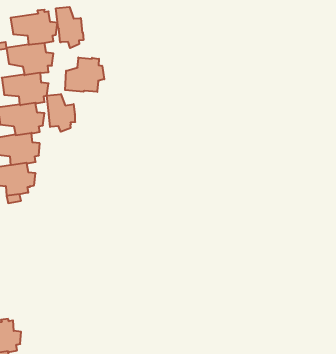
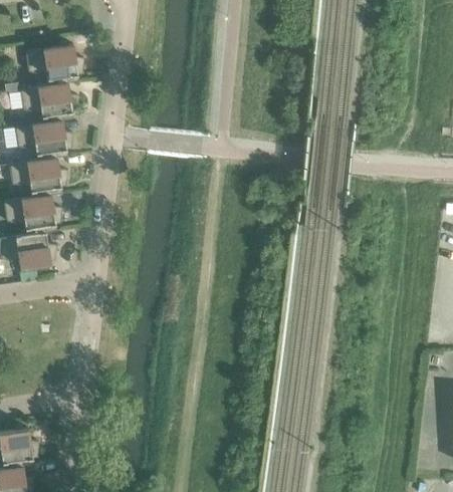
building: [56,7,83,48] -> none
building: [65,57,104,92] -> none
building: [47,94,75,132] -> none

